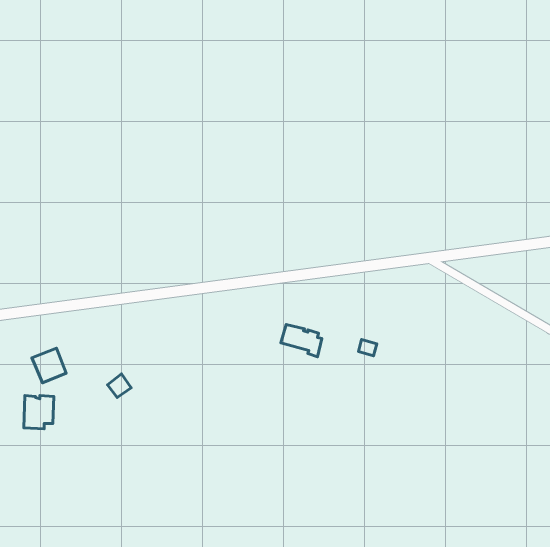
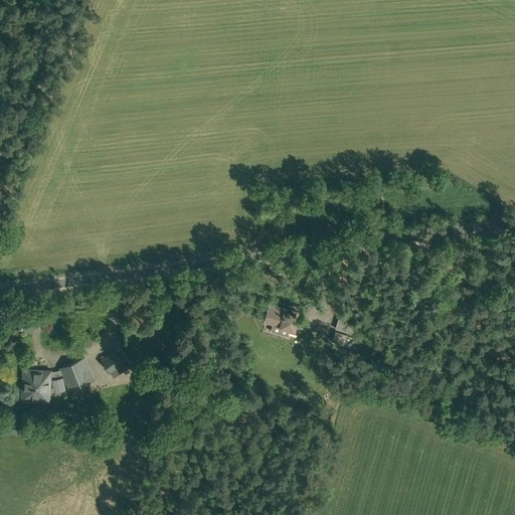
building: [32,348,66,383] -> [60,360,93,392]

